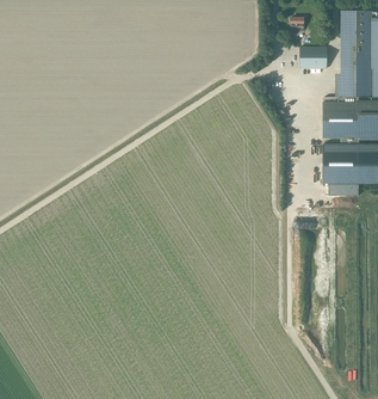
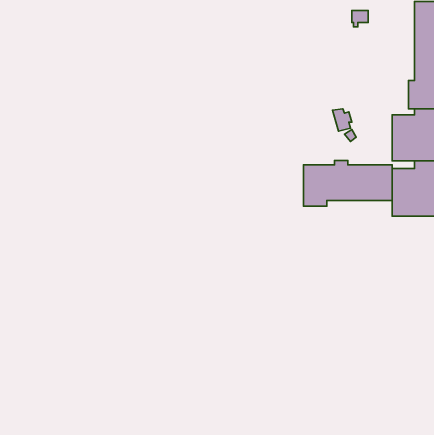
building: [302,48,328,68] -> none
building: none -> [304,161,392,206]

